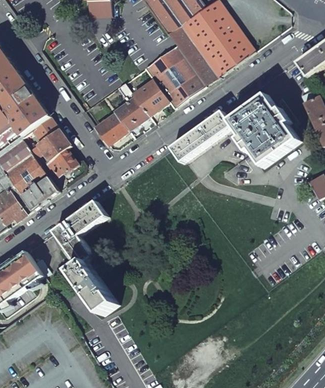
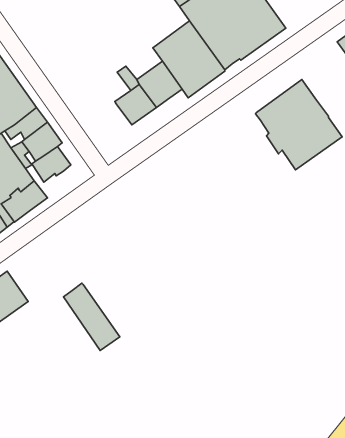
building: [170,110,232,163] -> none
building: [94,113,127,144] -> none
building: [53,200,106,266] -> none

